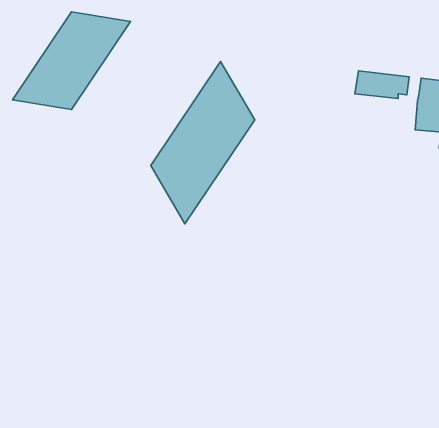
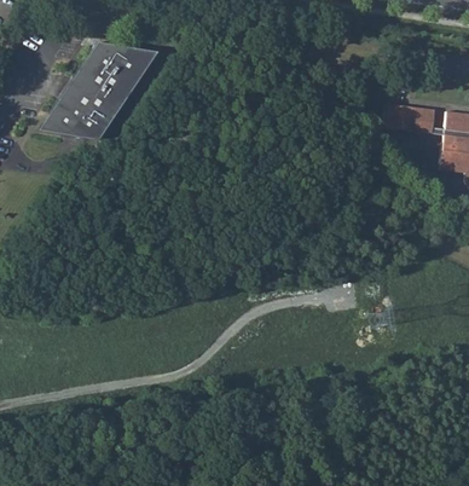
building: [151,62,255,224] -> none

